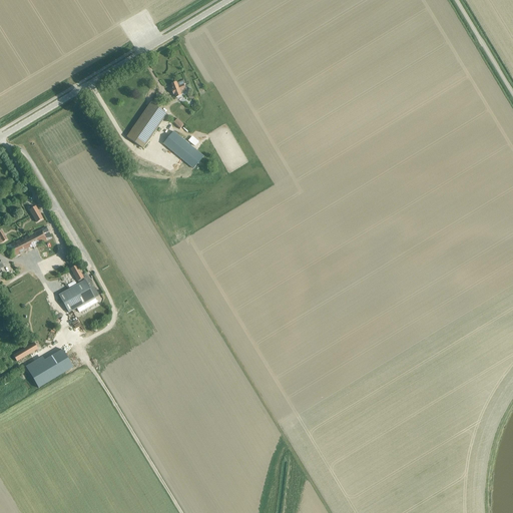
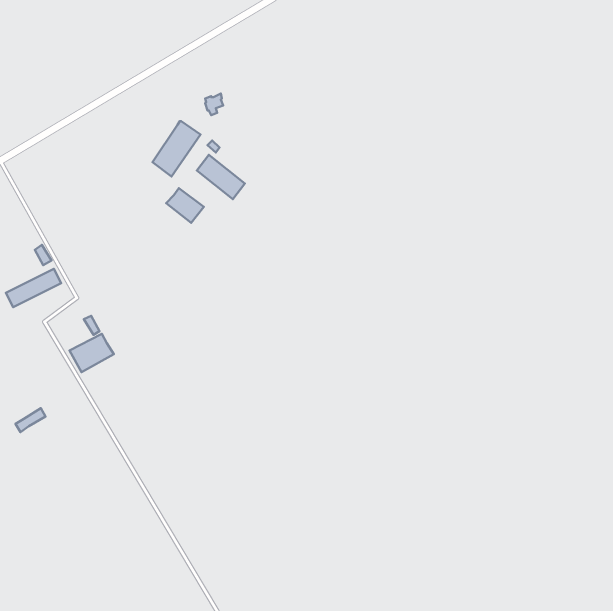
building: none -> [166,188,204,223]
building: [27,353,64,386] -> none

